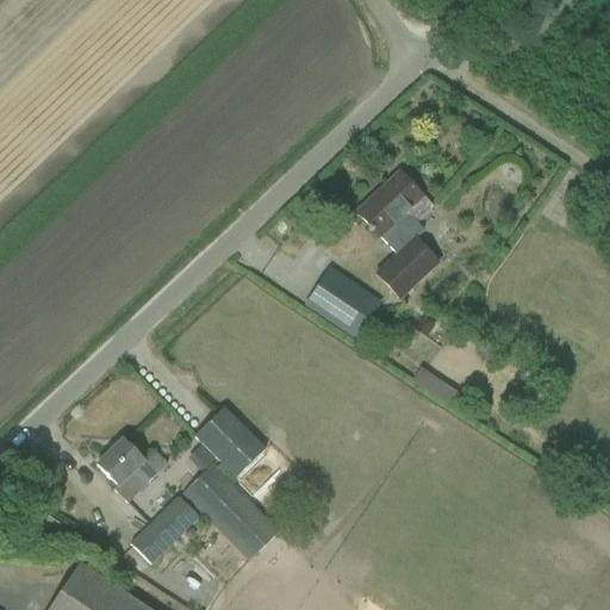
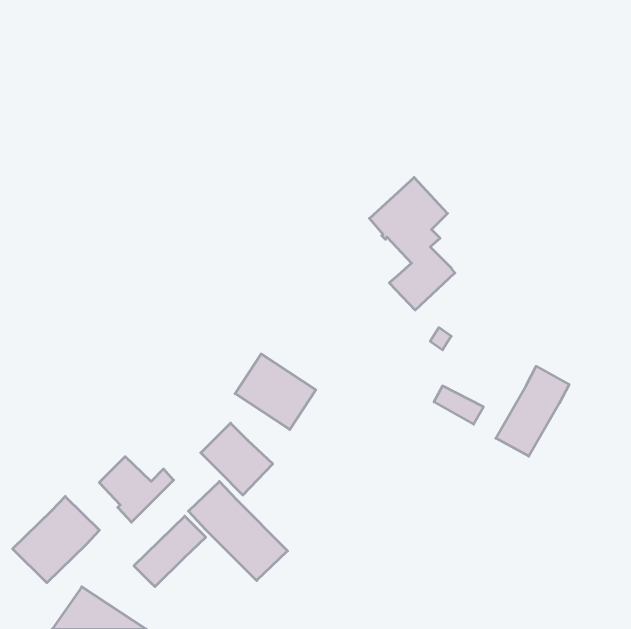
building: [305,266,382,338] -> [235,354,316,430]
building: none -> [496,366,569,456]
building: none -> [13,496,99,583]

